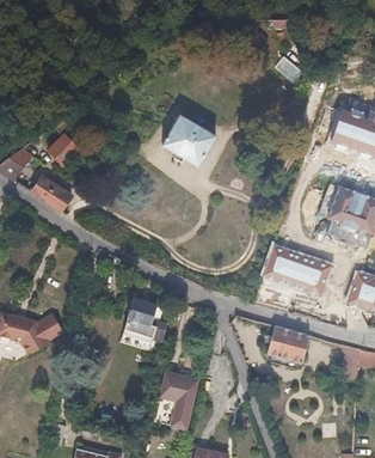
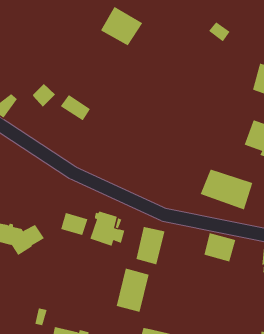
building: [164,114,219,165] -> [100,6,143,46]
building: [31,176,70,210] -> [60,94,91,121]
building: none -> [61,212,88,236]
building: none -> [136,226,165,265]

